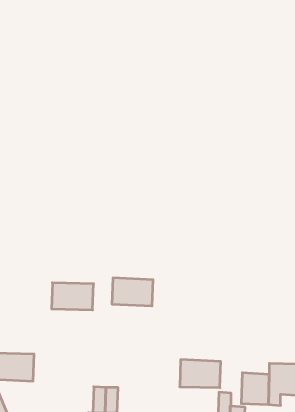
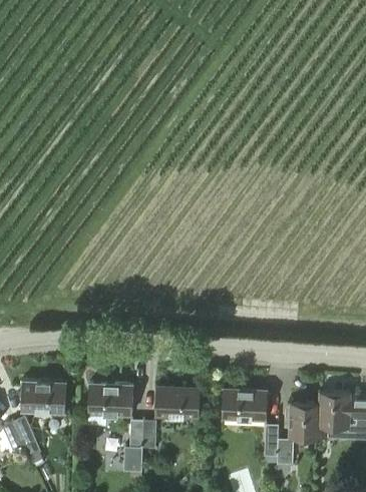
building: [112,278,153,306] -> [155,387,200,417]
building: [52,283,94,310] -> [88,385,133,414]

